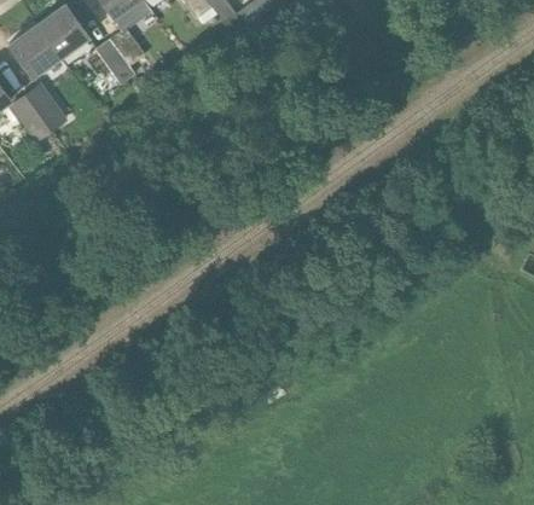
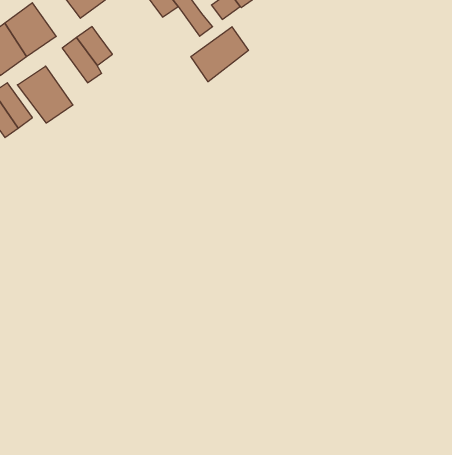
building: none -> [191,27,248,82]
building: none -> [17,66,73,123]

